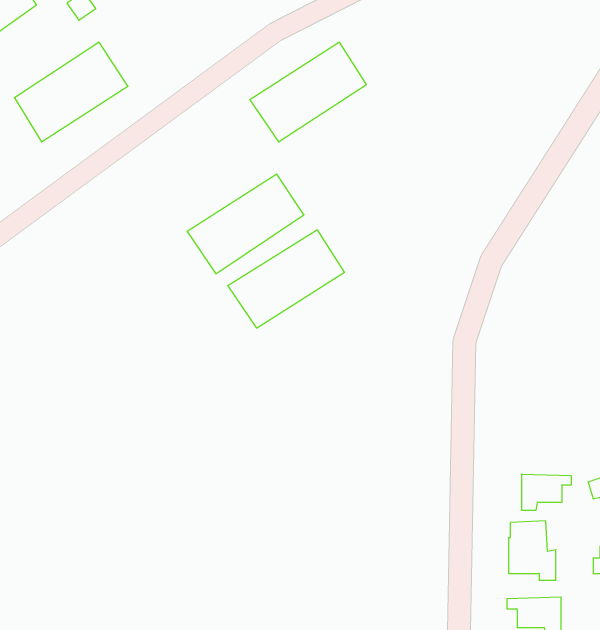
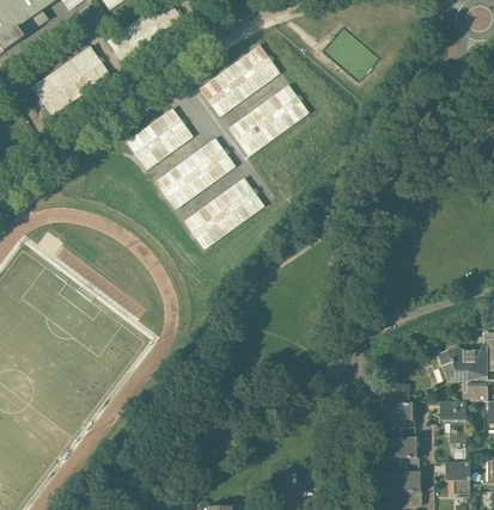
building: none -> [227,85,311,155]
building: none -> [126,107,195,170]
building: [522,474,571,510] -> none

